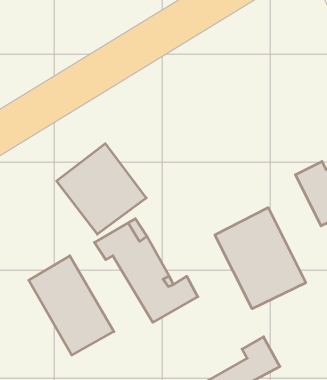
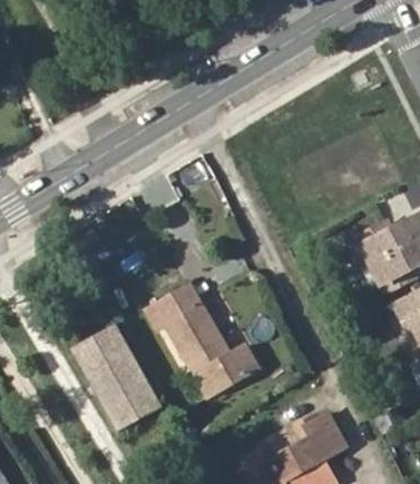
building: [57,144,146,234] -> none
building: [215,208,306,309] -> none

